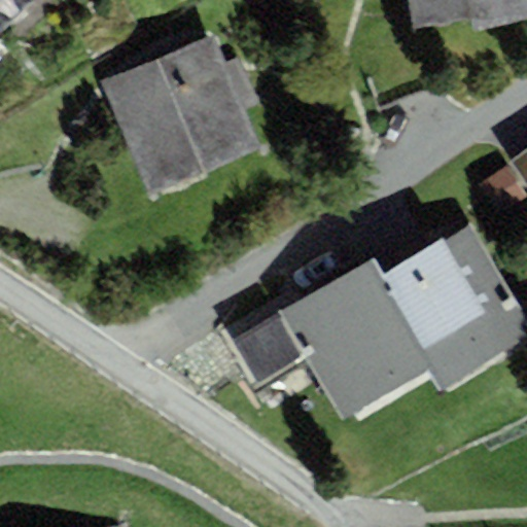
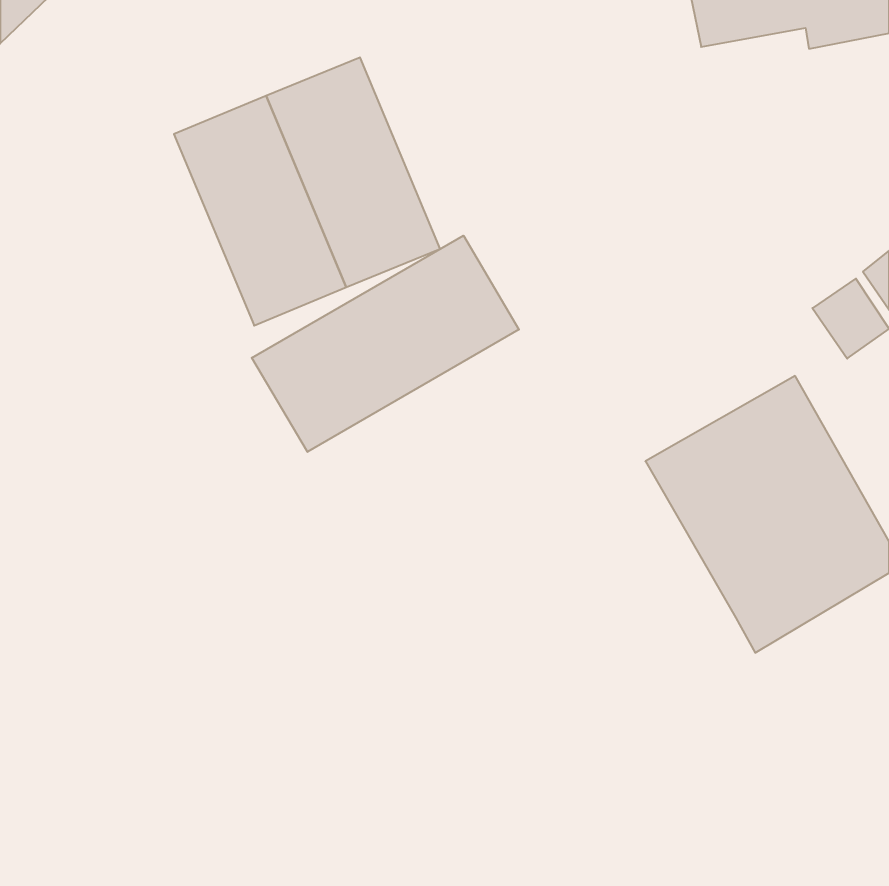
building: none -> [252,236,519,452]
building: [233,258,435,420] -> none

